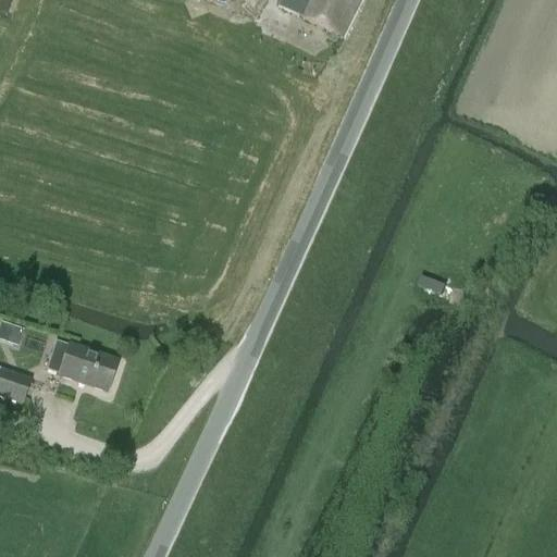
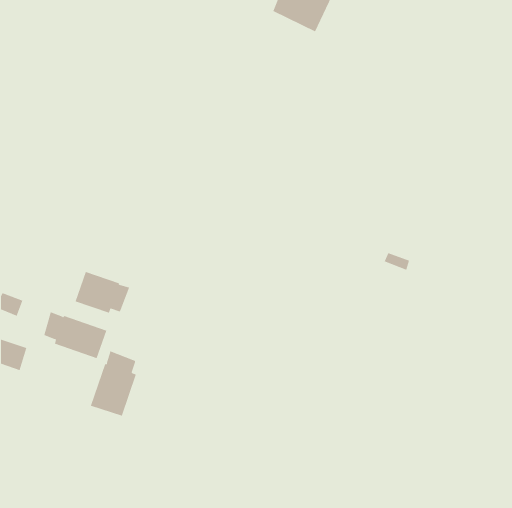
building: none -> [75,271,130,317]
building: none -> [90,350,141,417]

